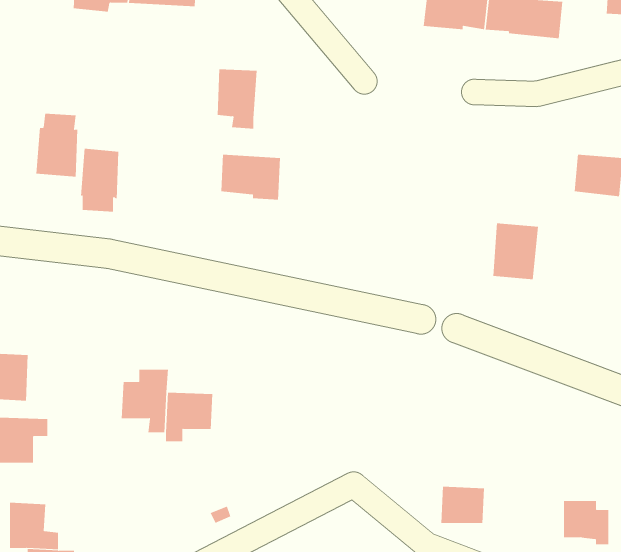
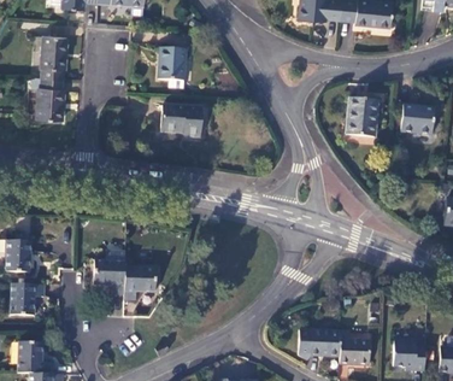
building: [80,148,119,212] -> [41,35,67,78]
building: [492,223,539,280] -> [347,98,378,136]
building: none -> [340,332,370,364]

